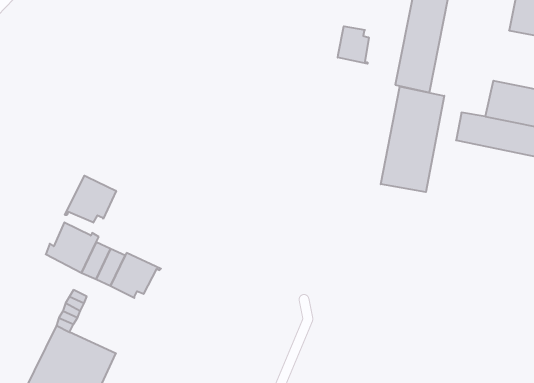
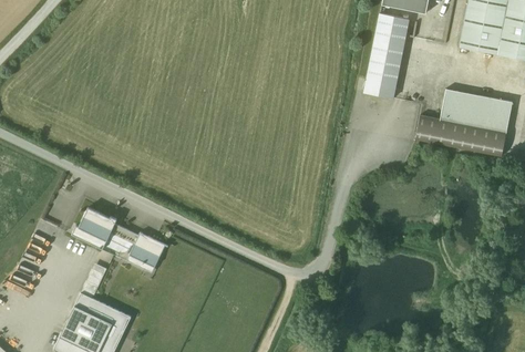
building: [338,26,369,64] -> none
building: [381,86,444,192] -> none
building: [65,176,116,223] -> none

